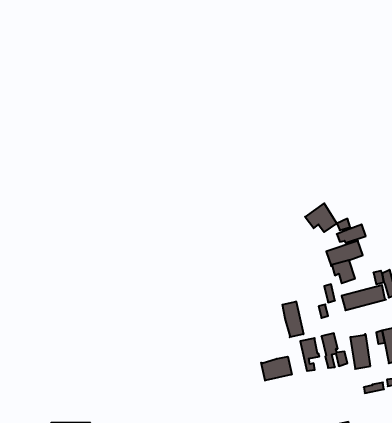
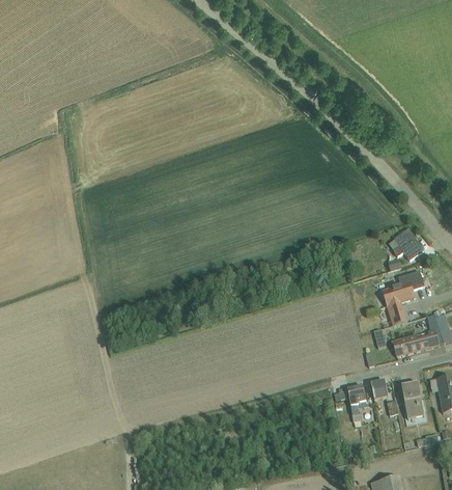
building: [305,203,337,232] -> [389,228,423,260]
building: [282,301,303,337] -> none
building: [261,357,292,381] -> none

